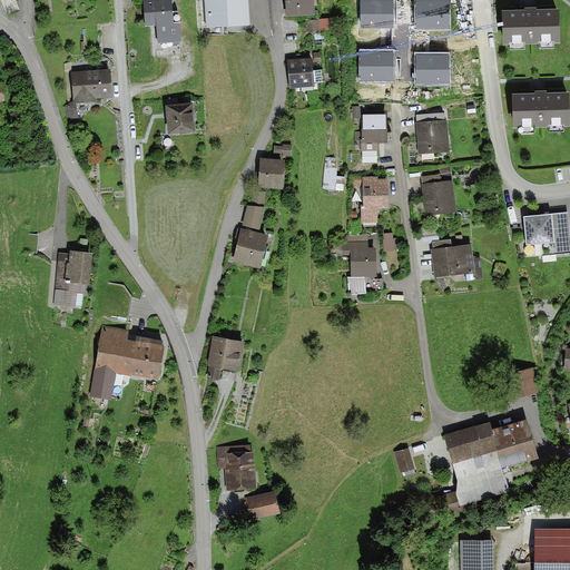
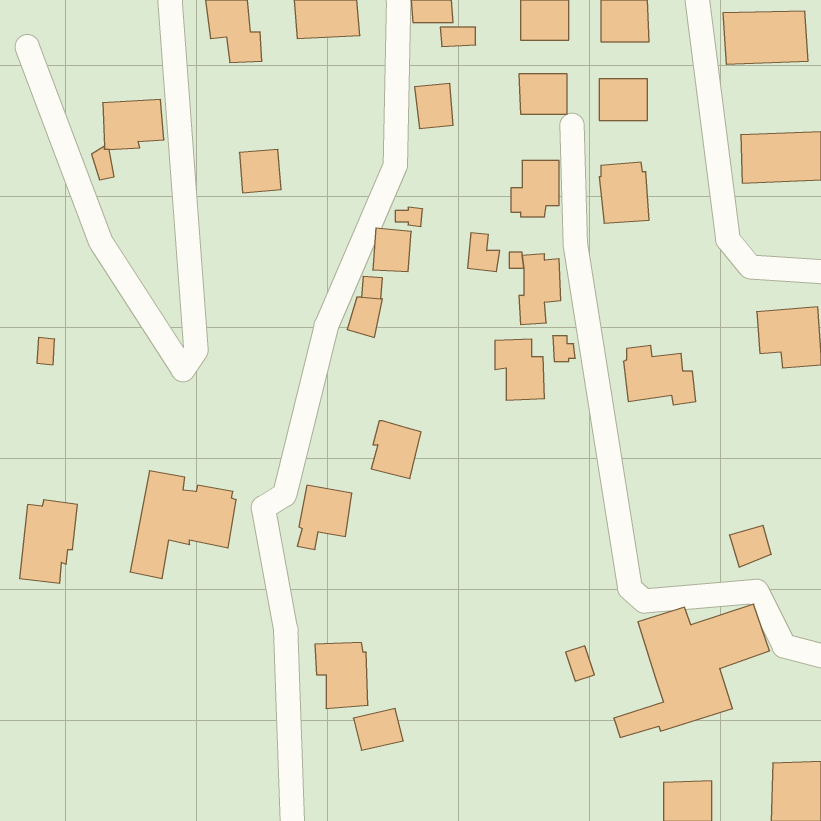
building: [422,167,456,215] -> none
building: [233,228,267,268] -> [371,421,421,479]
building: [53,250,94,308] -> [20,500,77,583]

